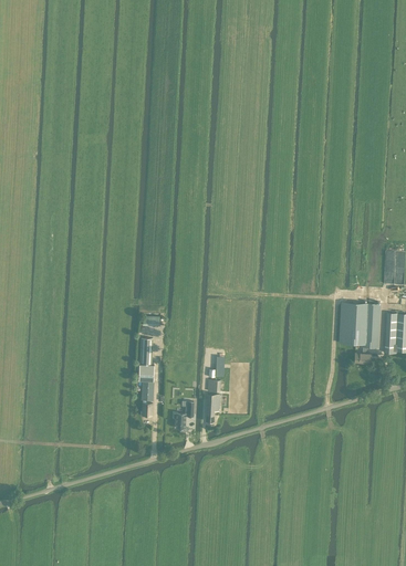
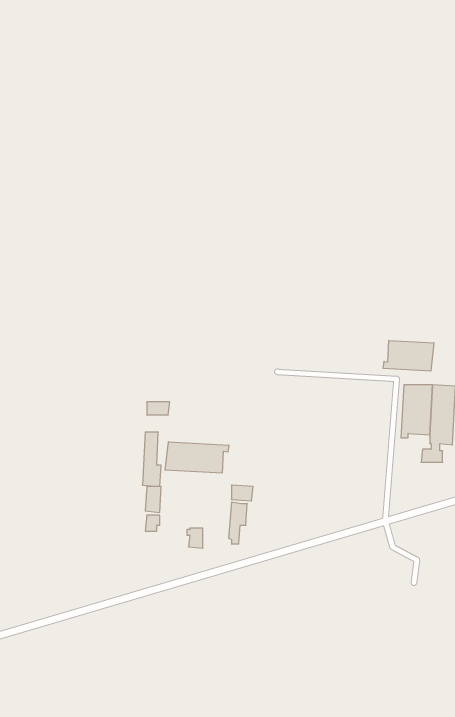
building: none -> [383,340,434,371]
building: none -> [165,442,229,473]

